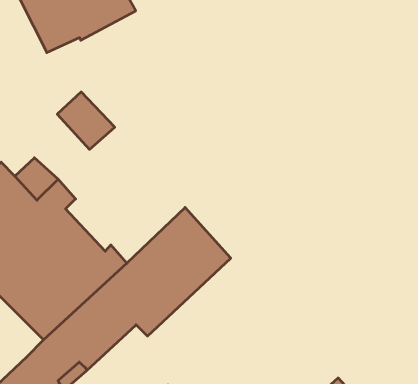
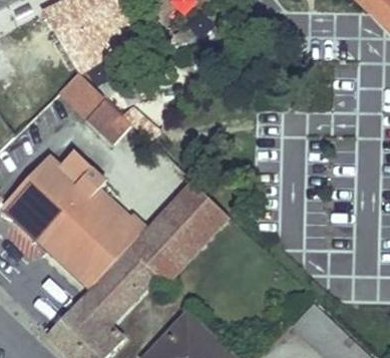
building: none -> [60,70,104,113]

